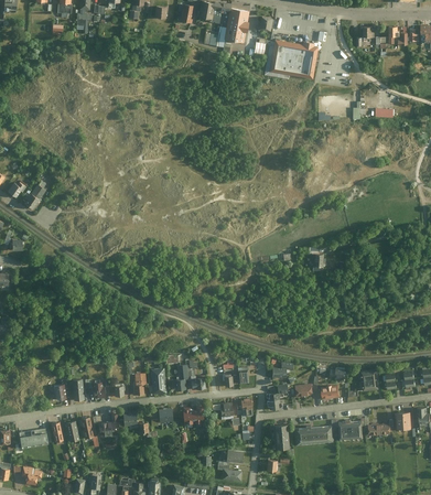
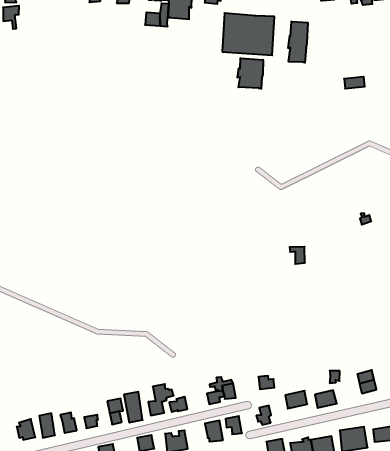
building: none -> [288,21,308,63]
building: none -> [237,58,263,89]

